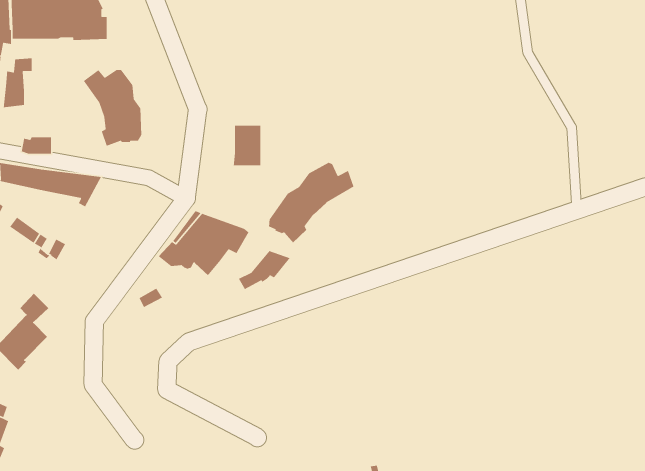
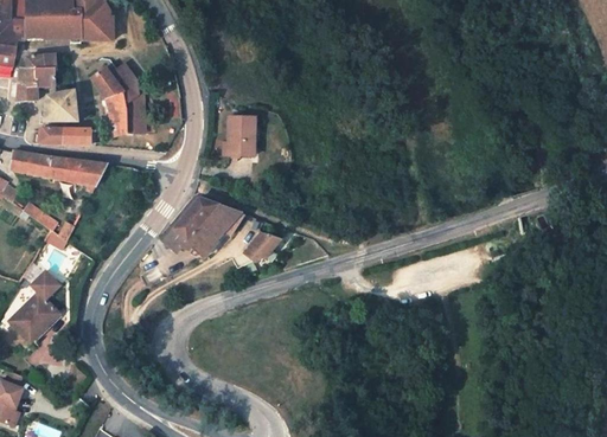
building: none -> [36,54,57,86]
building: none -> [44,90,78,122]
building: none -> [62,128,91,144]
building: [268,162,355,243] -> none

